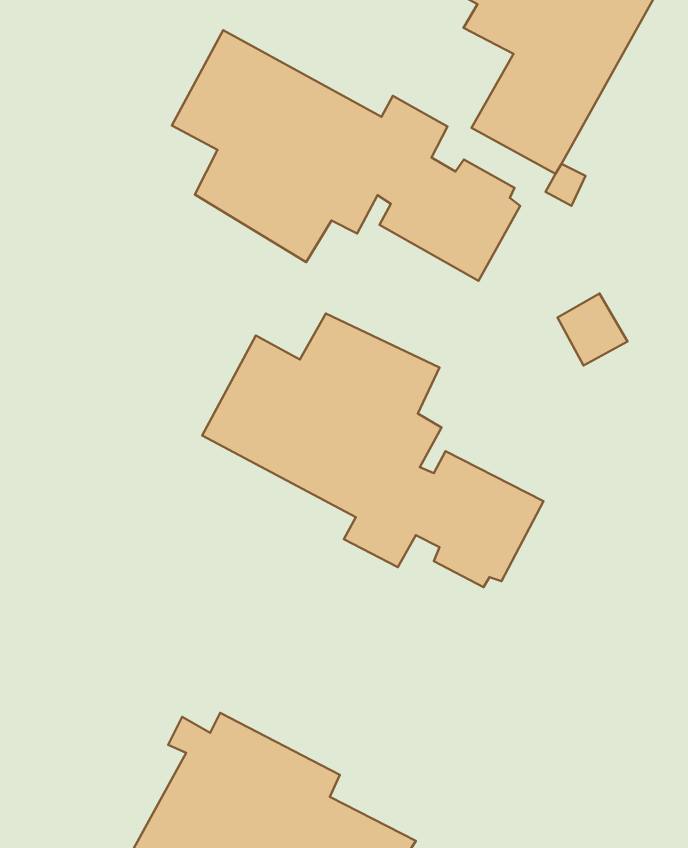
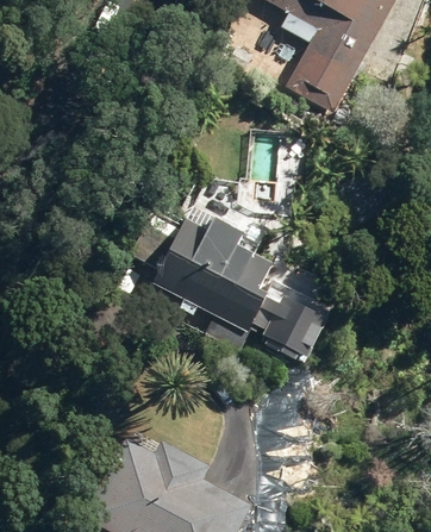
building: [172,30,520,281] -> none

